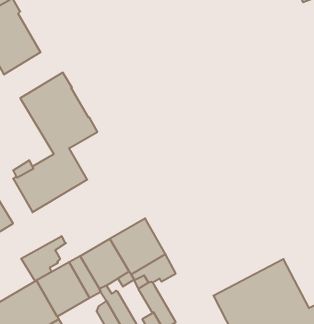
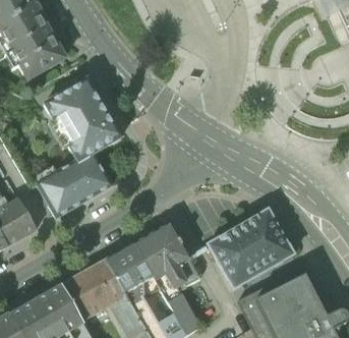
building: none -> [206,209,292,288]
building: [21,236,66,281] -> none

